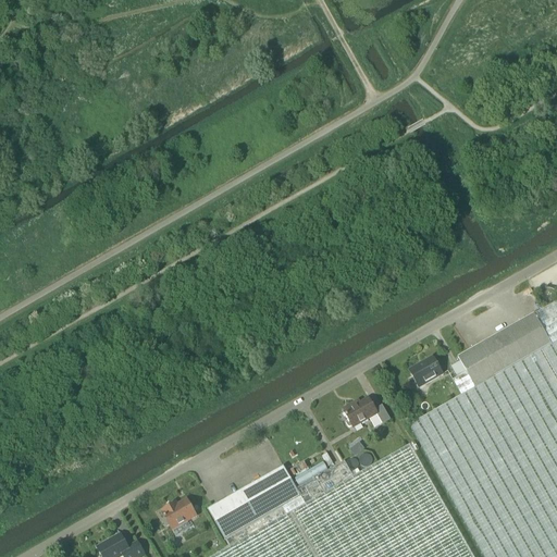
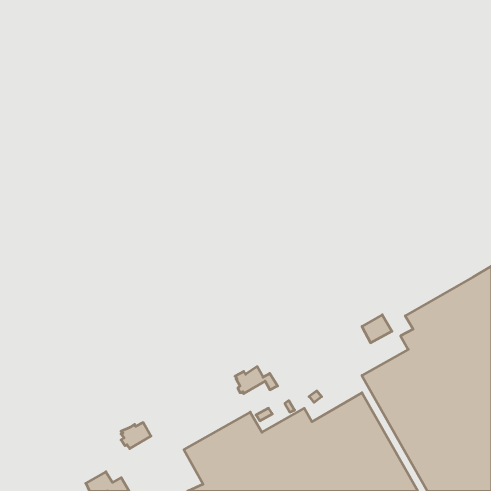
building: [344,397,392,428] -> [235,367,278,394]
building: [163,499,197,529] -> [121,423,151,449]

